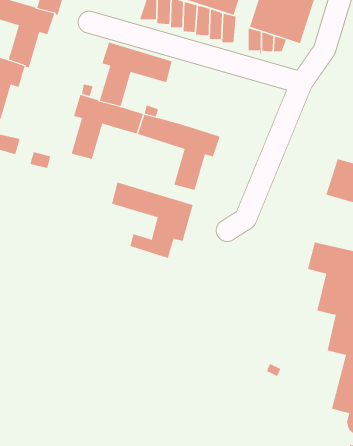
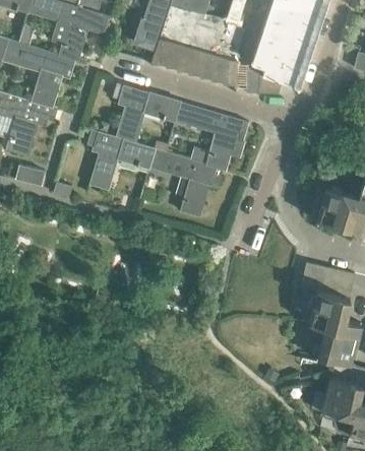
building: [111,182,194,259] -> [175,102,248,170]

